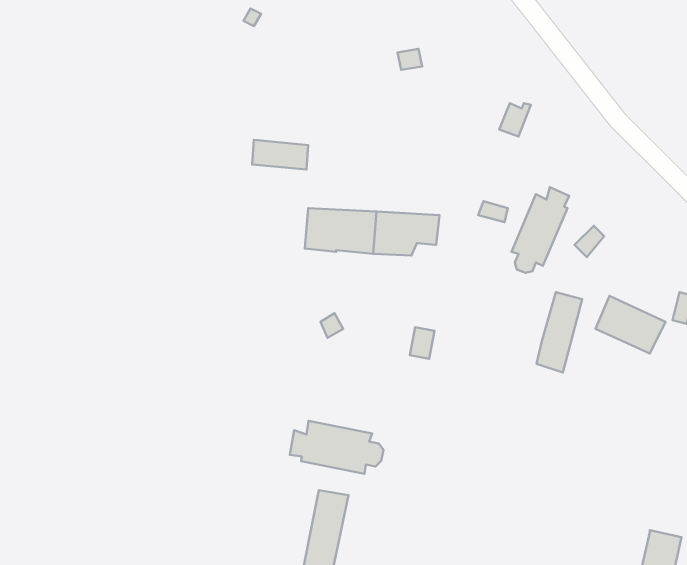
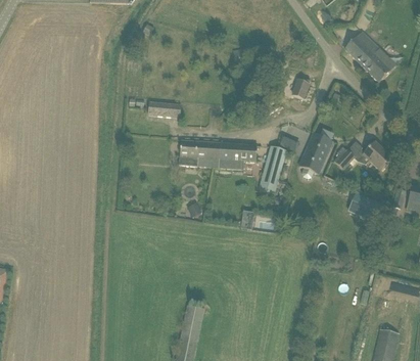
building: none -> [344,31,390,82]
building: none -> [363,141,391,171]
building: [537,292,582,373] -> [260,145,286,192]
building: [290,421,384,474] -> none

